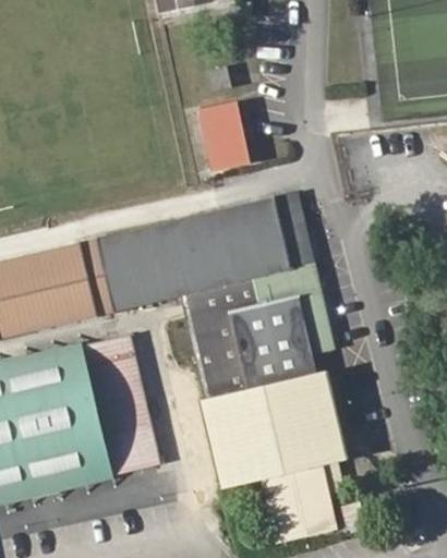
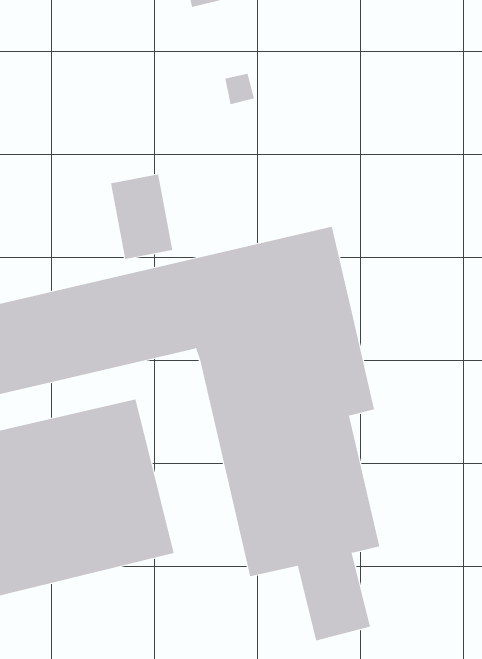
building: [200,97,252,168] -> [110,174,173,259]

